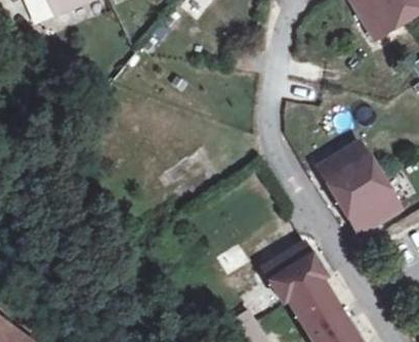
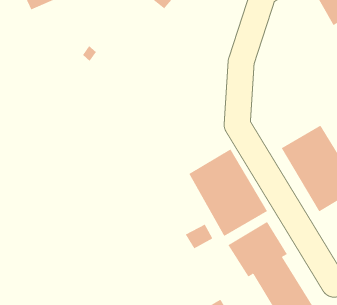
building: none -> [188,148,268,237]

